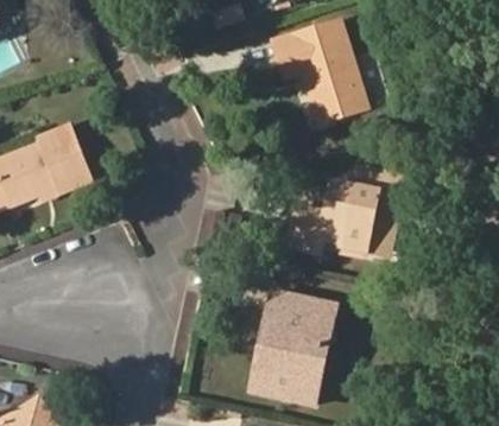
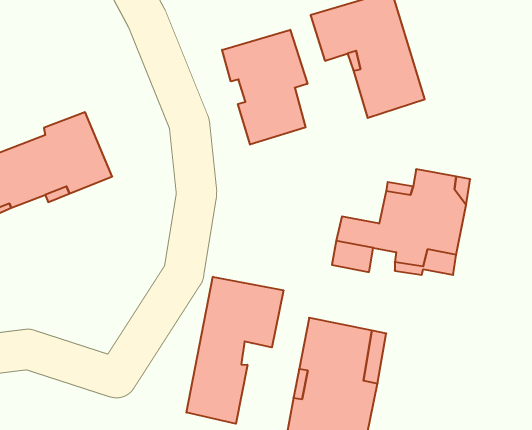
building: none -> [222,30,307,145]
building: none -> [186,277,283,424]

